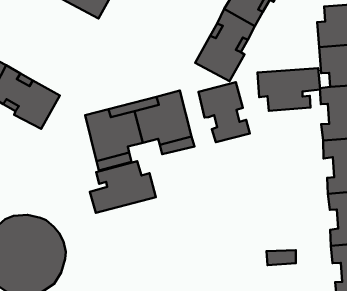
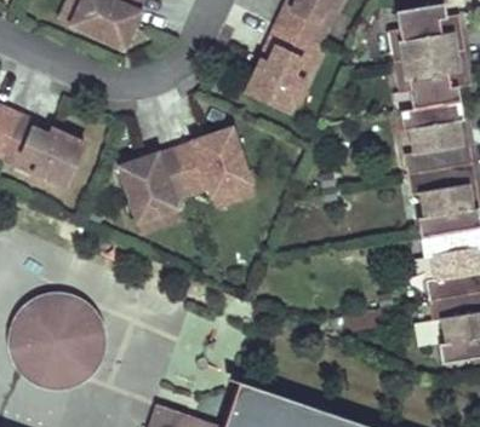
building: [258,68,320,111] -> none
building: [198,82,250,142] -> none
building: [90,161,156,213] -> none

